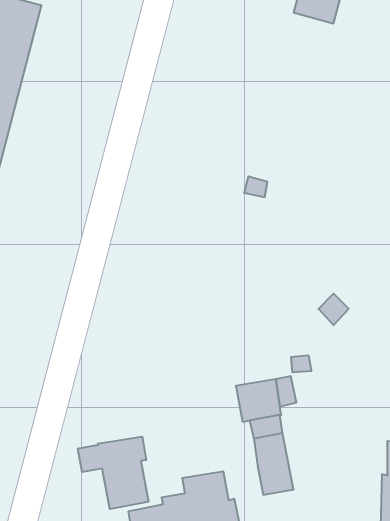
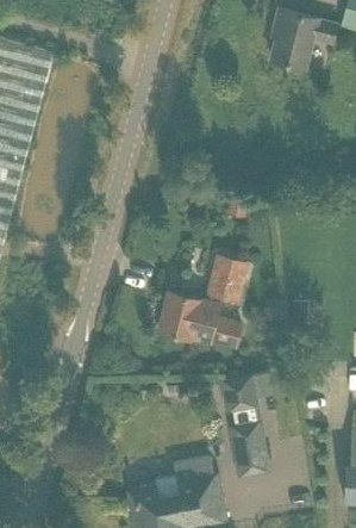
building: none -> [158,256,246,346]
building: [78,437,148,509] -> none

